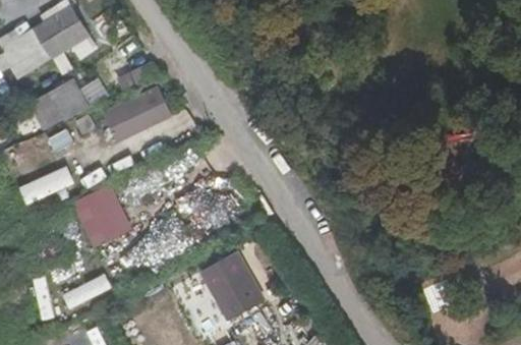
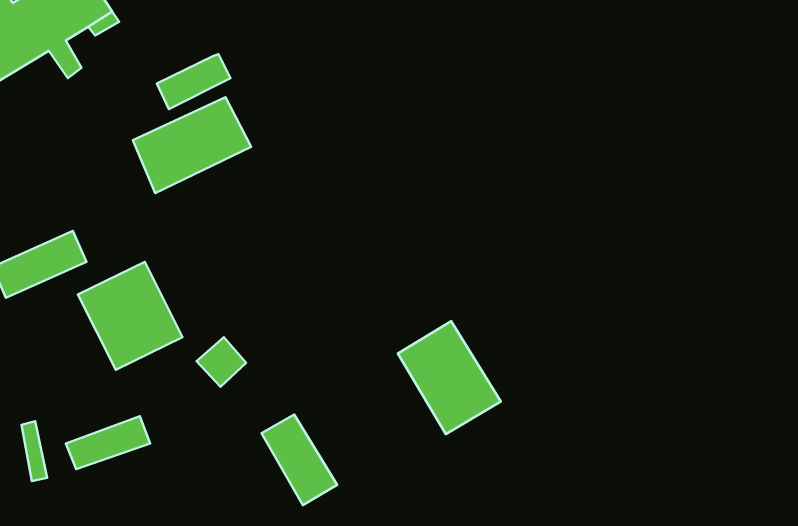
building: [27,78,90,129] -> none
building: [200,251,262,319] -> [398,321,501,434]

